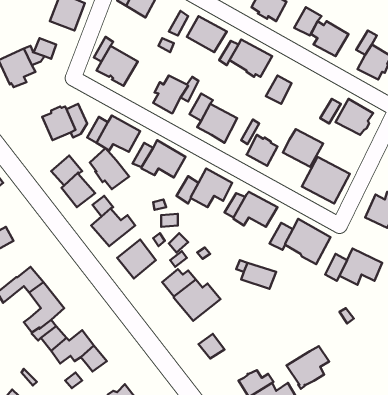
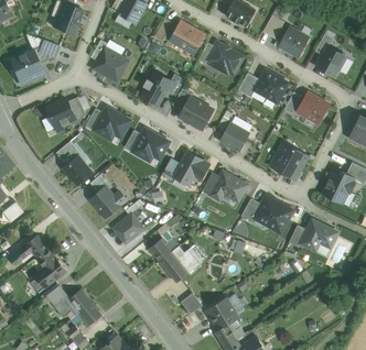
building: [283,129,323,167] -> [255,70,289,102]
building: [90,148,129,189] -> none
building: [287,346,329,389] -> [207,294,244,330]

